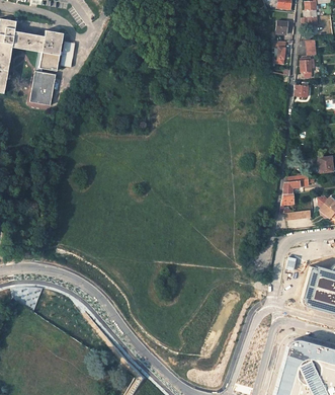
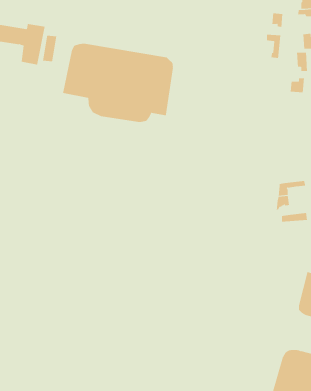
building: none -> [62,43,173,123]
building: [30,70,57,104] -> none

